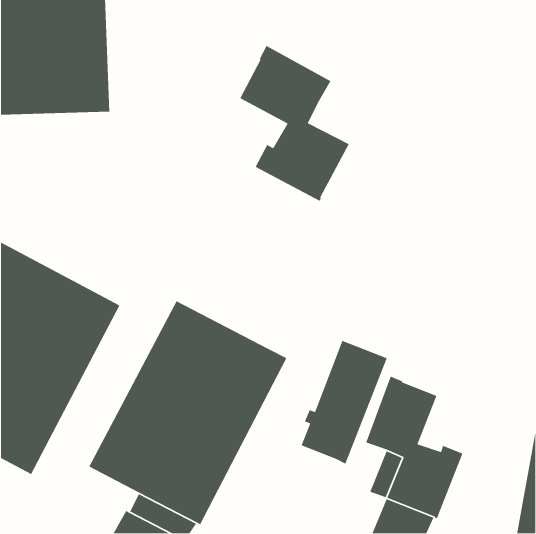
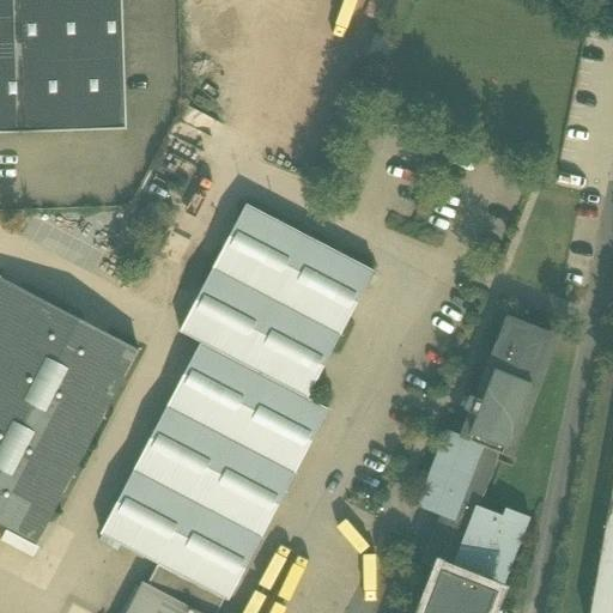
building: [239,45,350,202] -> none
building: none -> [180,204,374,397]
building: [301,340,388,465] -> [460,315,559,457]

